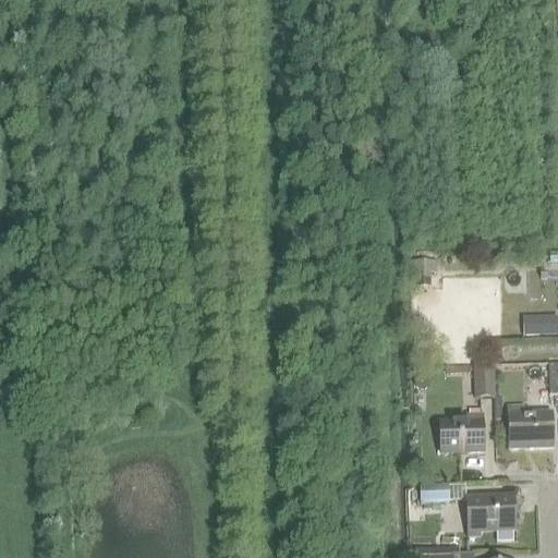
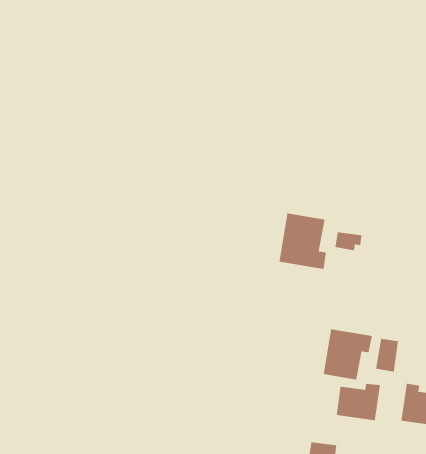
building: none -> [278,212,327,270]
building: none -> [323,328,373,380]

